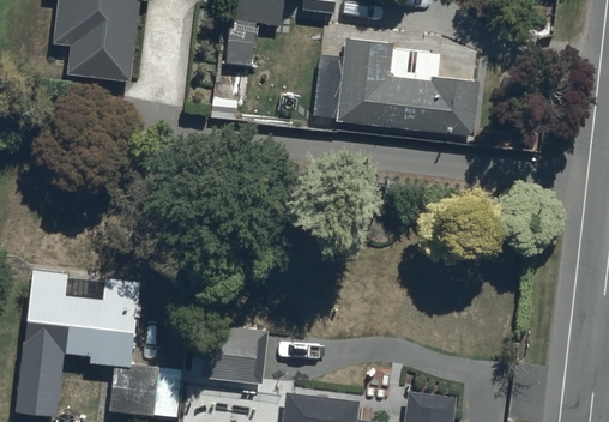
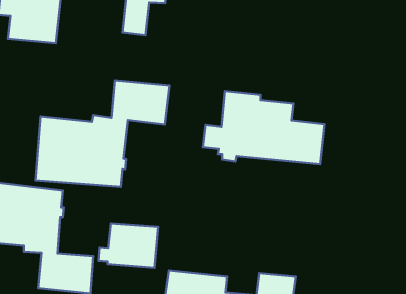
building: [315,37,480,135] -> [203,91,324,164]
building: none -> [36,80,169,187]

